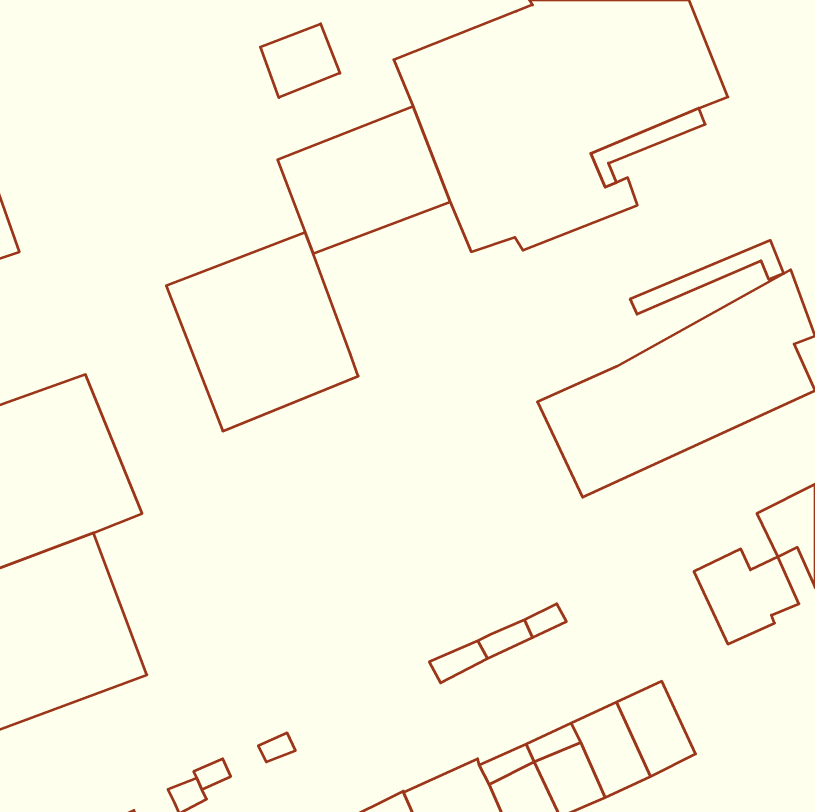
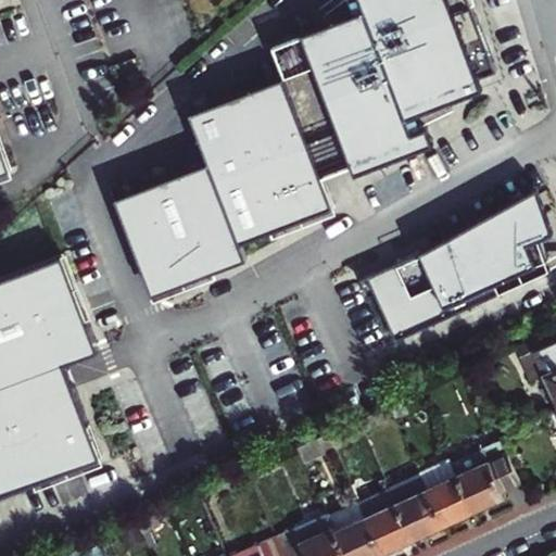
building: [260,24,340,98] -> none
building: none -> [211,144,328,247]
building: [630,240,784,314] -> none
building: [694,549,799,644] -> [445,452,516,516]

